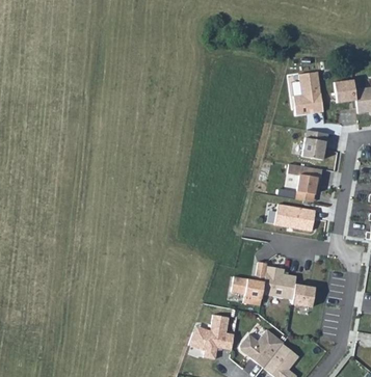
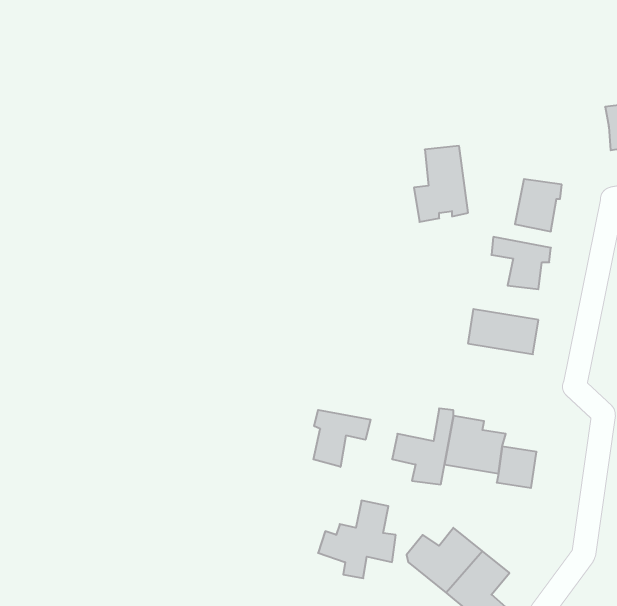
building: [293,71,324,114] -> [414,146,468,222]
building: [334,78,356,102] -> none
building: none -> [313,410,371,467]

